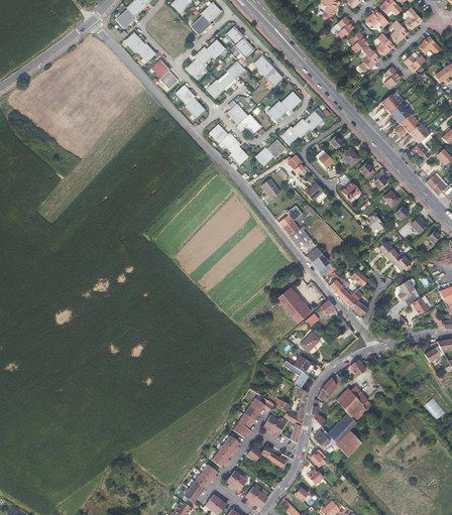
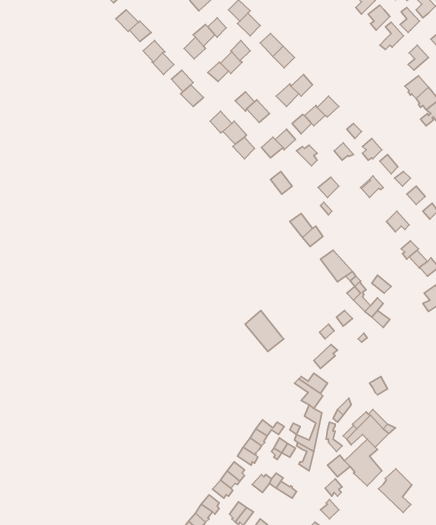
building: [277,286,312,323] -> [245,310,284,351]
building: none -> [379,469,412,512]

